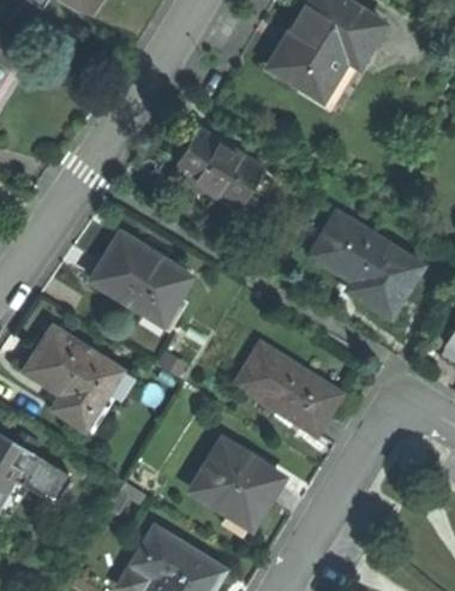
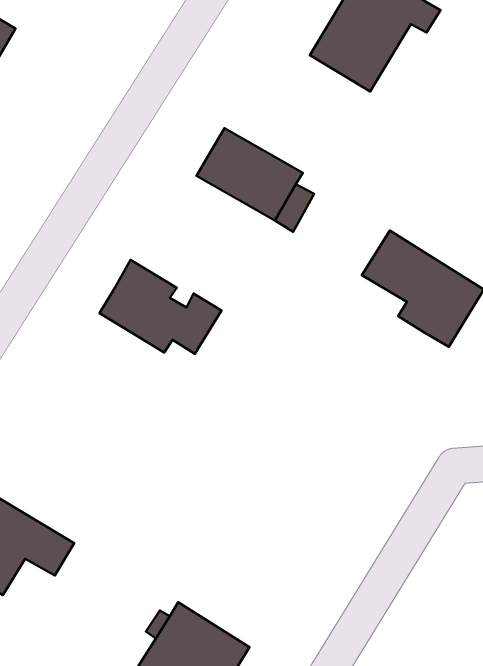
building: [24,327,122,429] -> none
building: [237,342,345,435] -> none
building: [192,442,277,537] -> none

